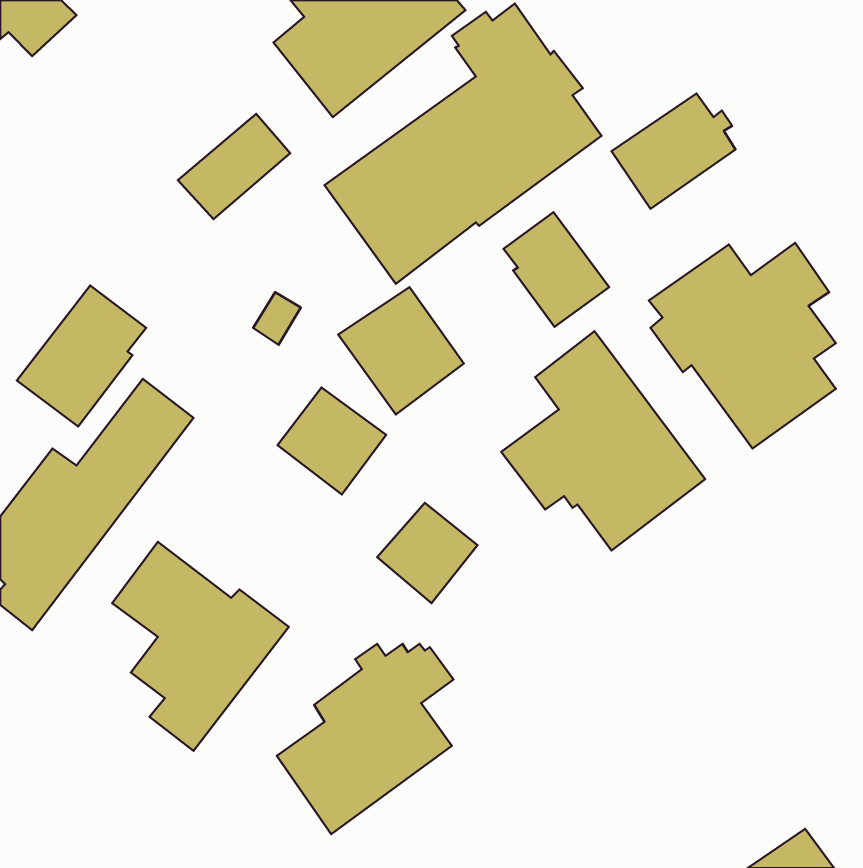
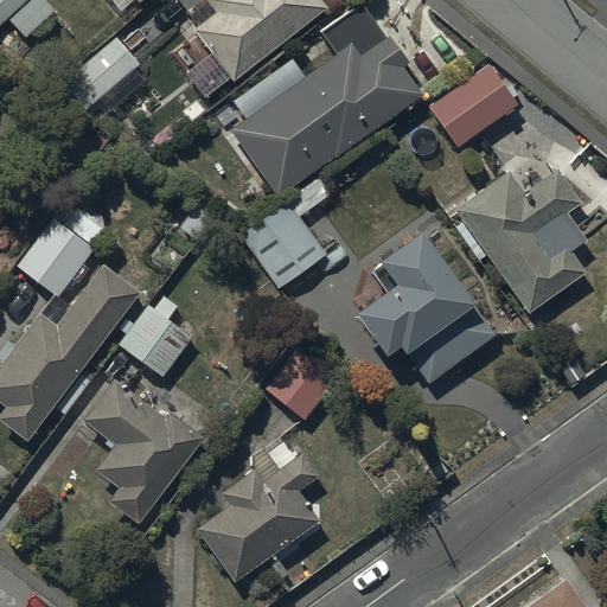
building: [178,114,290,219] -> [63,37,141,110]
building: [503,212,609,327] -> none
building: [277,387,386,494] -> [119,304,194,378]

